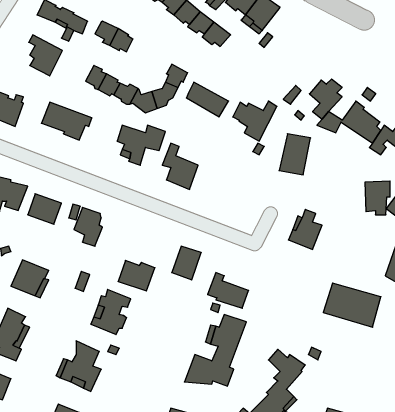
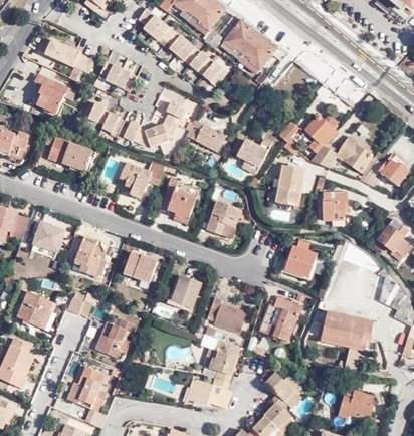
building: none -> [205,203,239,237]
building: [365,181,390,215] -> [323,192,347,224]
building: [118,260,155,291] -> [121,254,156,283]
building: none -> [264,294,296,340]
building: none -> [339,388,372,418]

